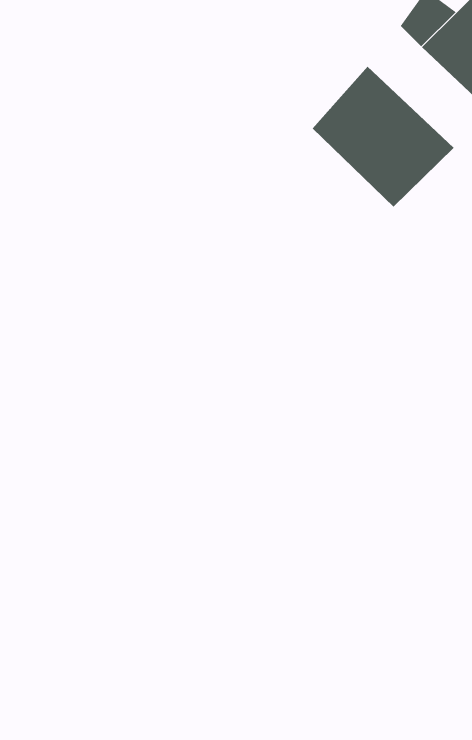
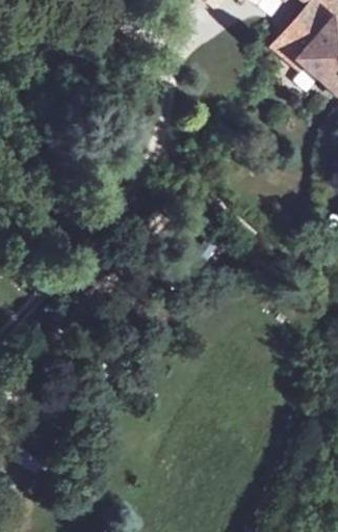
building: [312,66,454,207] -> none

